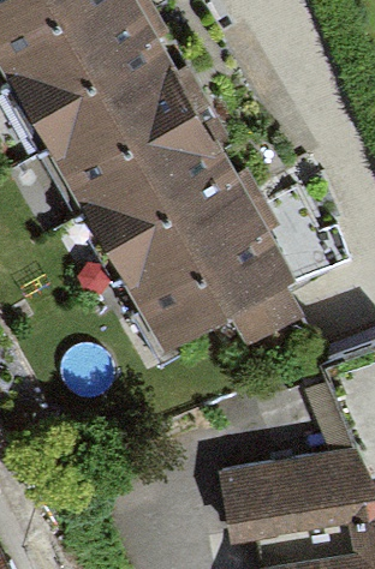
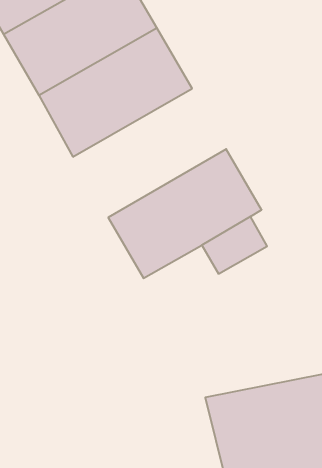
building: [89,142,256,282] -> none

